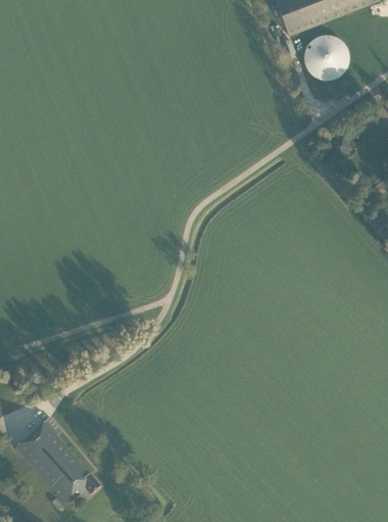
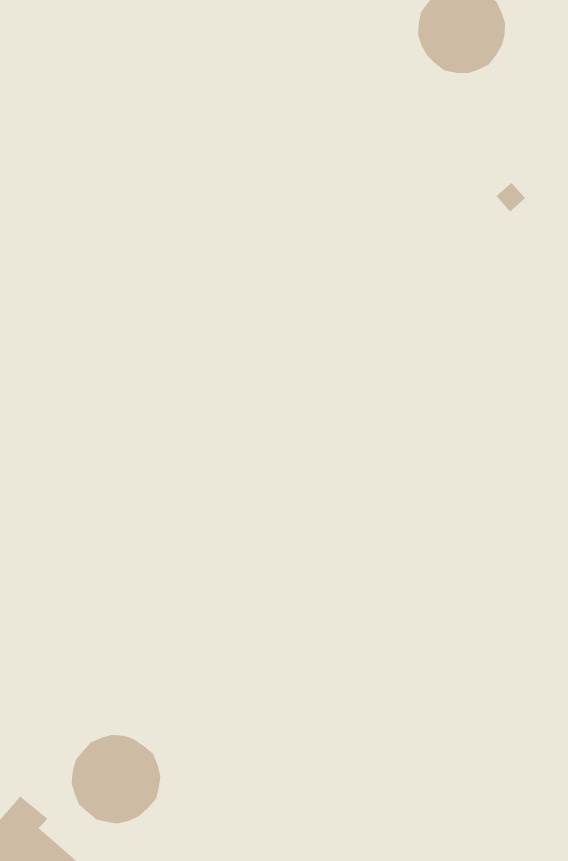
building: none -> [71,734,161,824]

